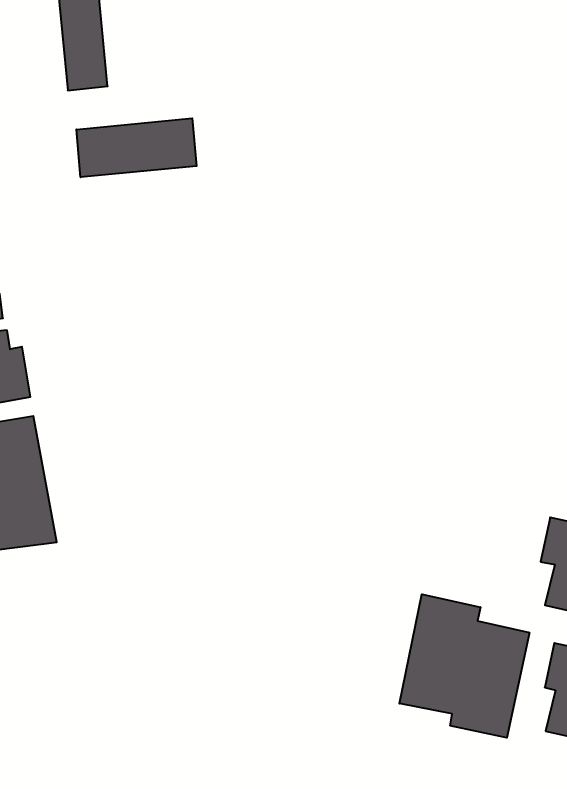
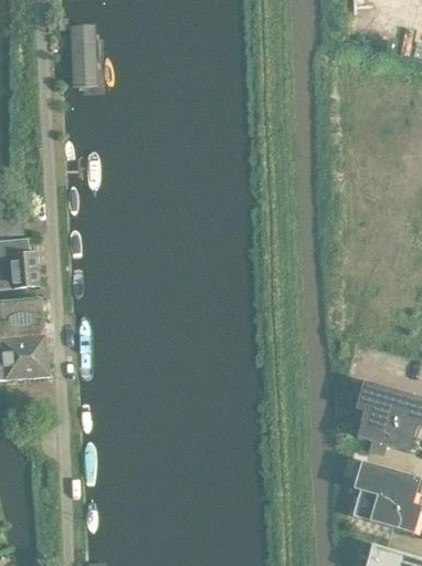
building: [76,118,197,177] -> none
building: [399,594,529,738] -> none

